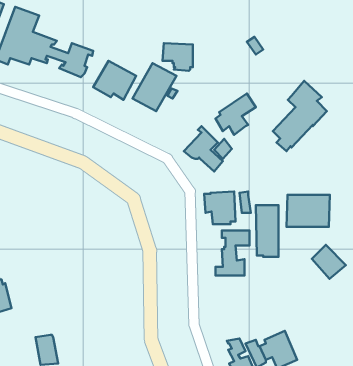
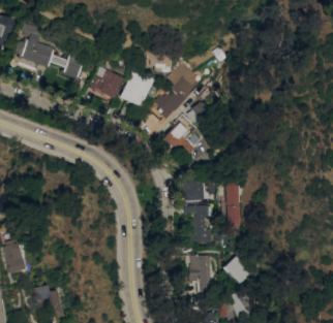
building: [273,81,327,151] -> [156,61,201,119]
building: [287,195,330,227] -> none
building: [312,245,346,279] -> [223,256,251,284]
building: none -> [191,253,213,290]

